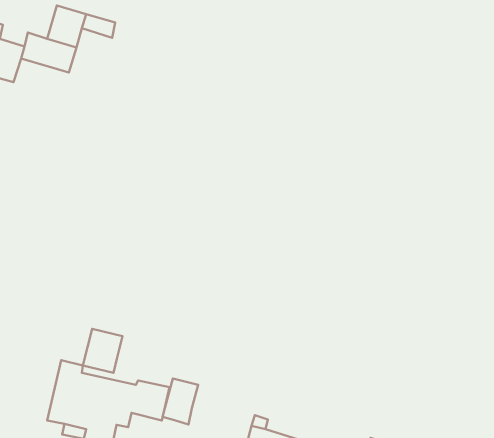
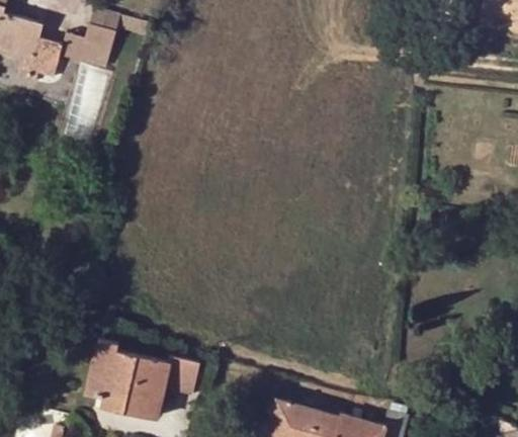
building: [83,329,123,373] -> none
building: [163,378,198,424] -> none

